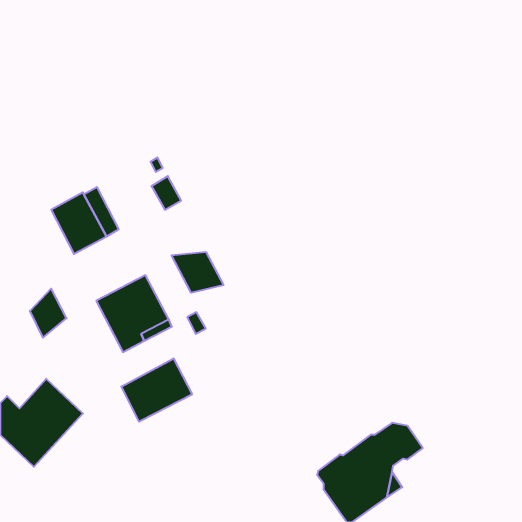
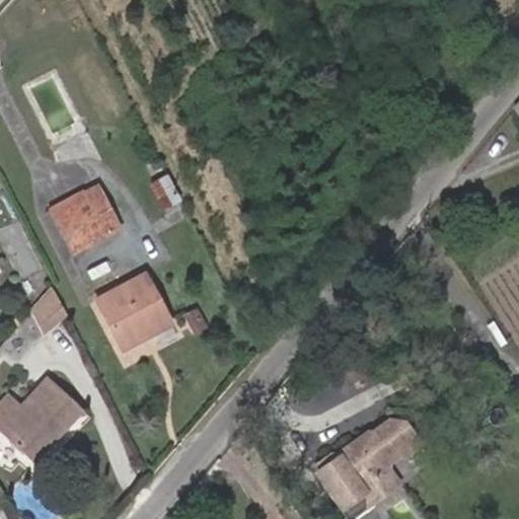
building: [172,252,224,293] -> none
building: [121,358,192,422] -> none

